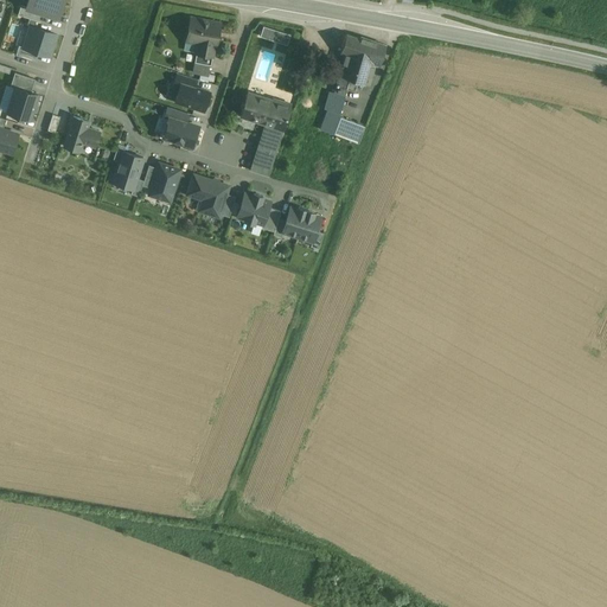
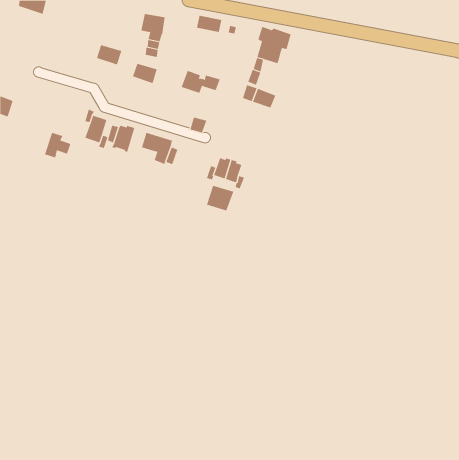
building: [20,25,58,58] -> none
building: [5,87,37,121] -> none
building: [256,114,285,159] -> none
building: [63,116,98,151] -> [44,132,71,158]
building: [162,119,197,146] -> [96,45,122,65]
building: [235,191,271,225] -> [206,185,234,211]

